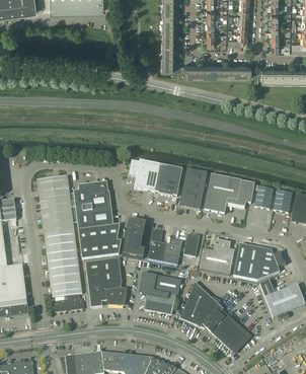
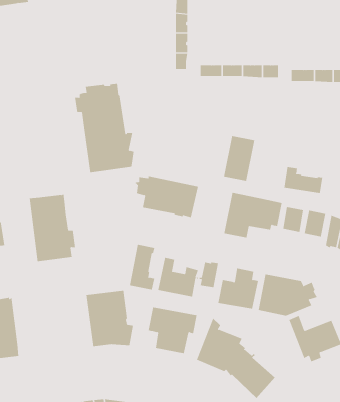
building: none -> [284,166,323,194]
building: [179,168,207,208] -> [223,136,255,182]
building: [69,181,121,258] -> [74,83,134,173]
building: [44,230,84,312] -> none

